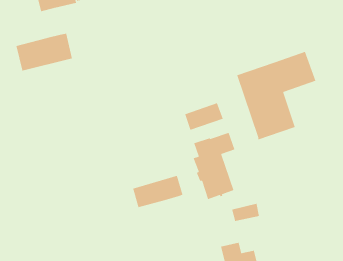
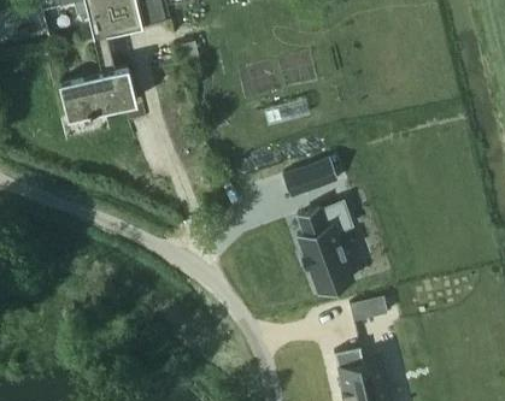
building: [236,51,316,140] -> none
building: [132,175,183,208] -> none

